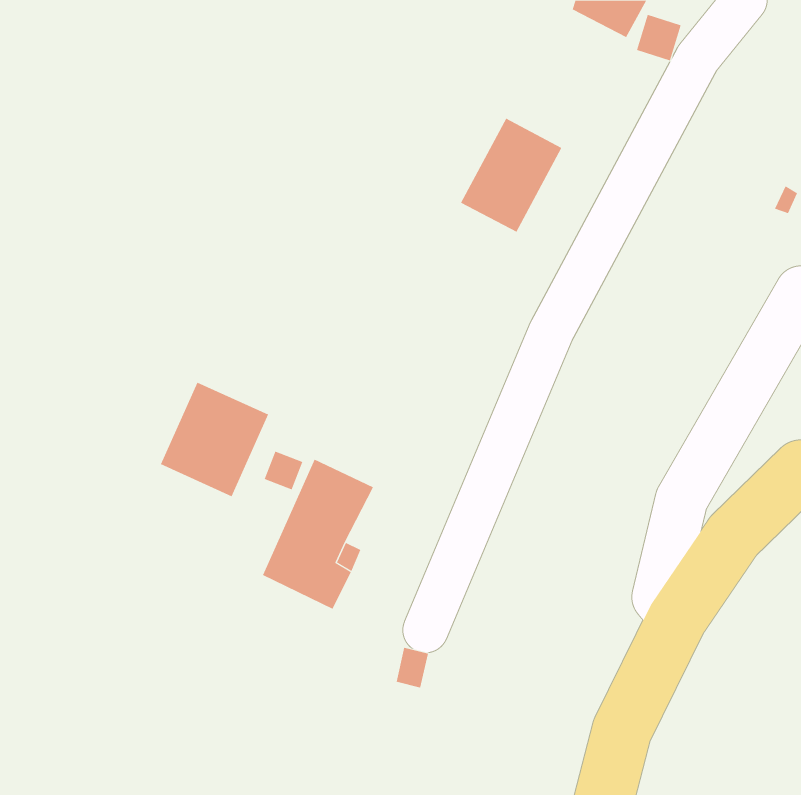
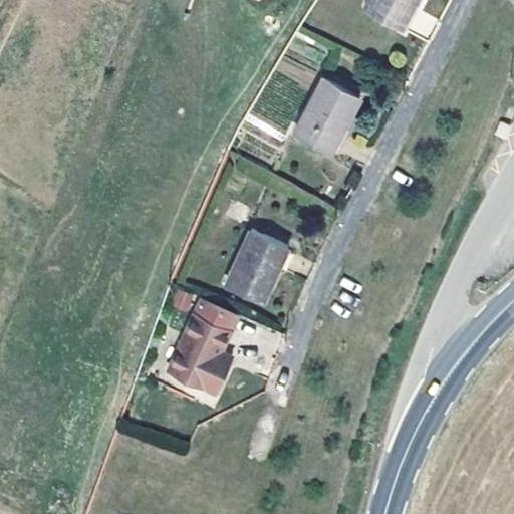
building: none -> [226,232,288,303]
building: [160,382,269,497] -> none

